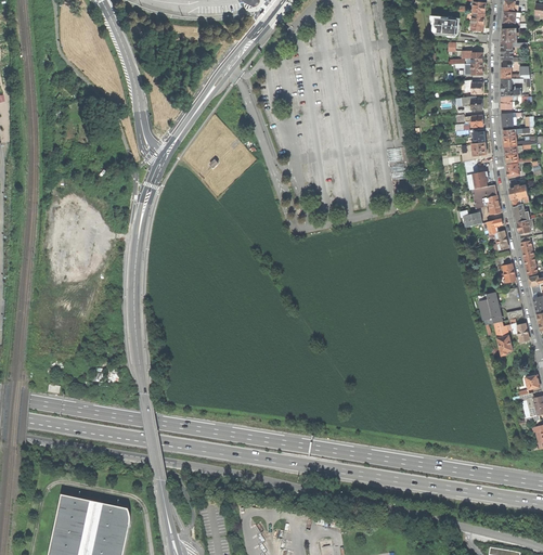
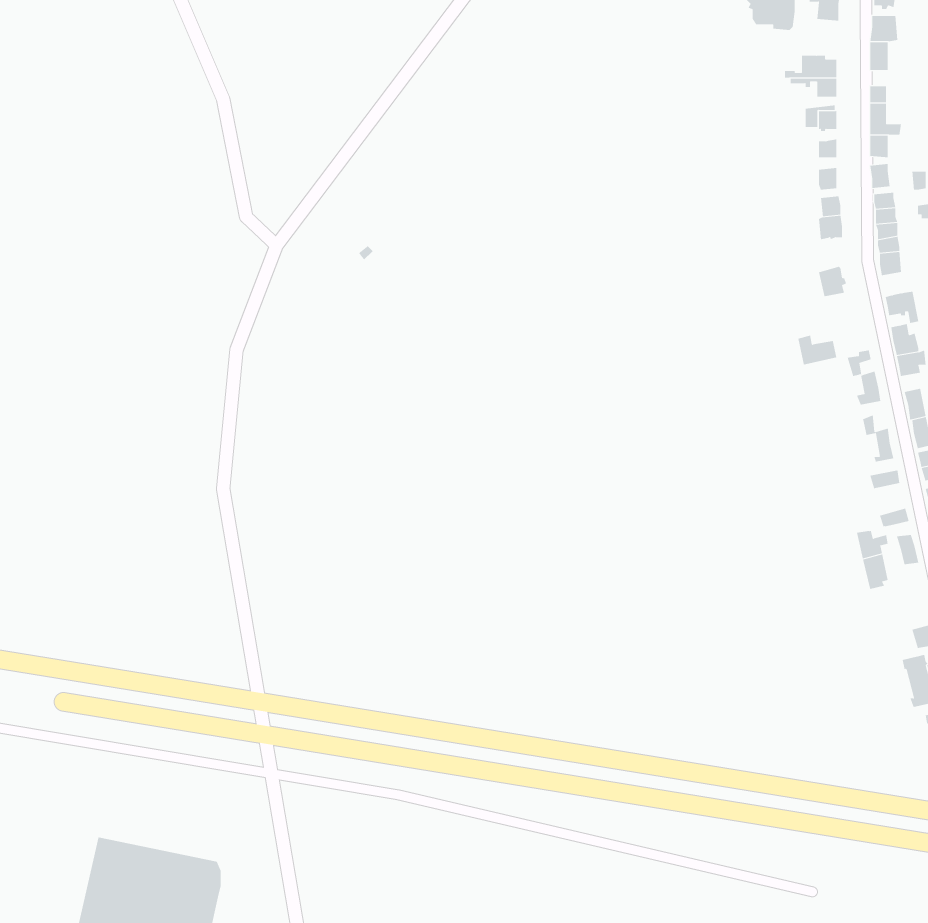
building: [471,185,500,214] -> none
building: [478,293,501,325] -> none

